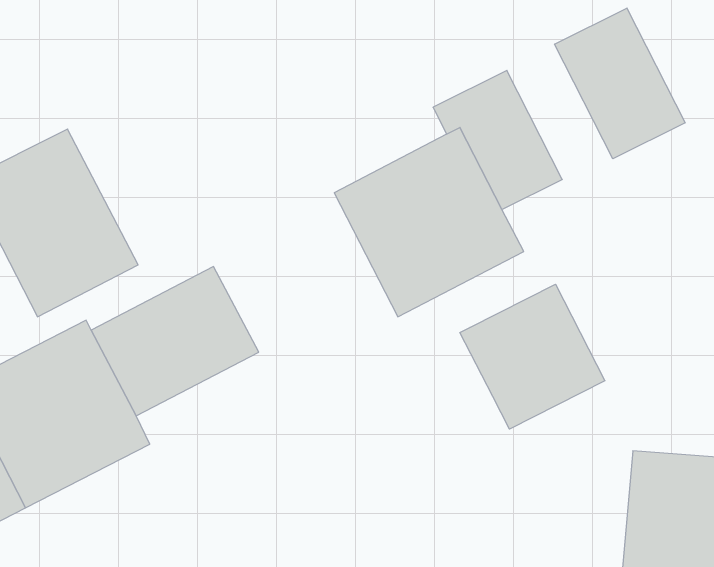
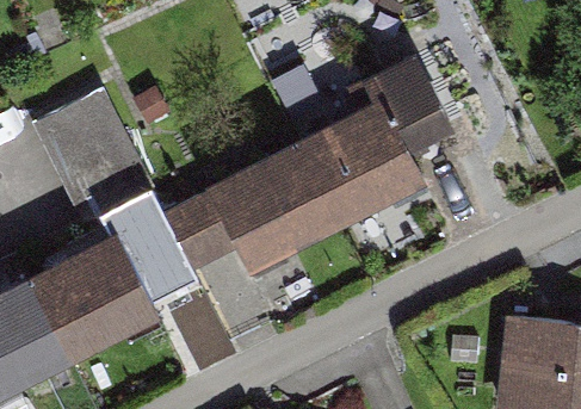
building: [555,8,685,159] -> none
building: none -> [203,141,338,274]
building: [460,284,605,429] -> none

